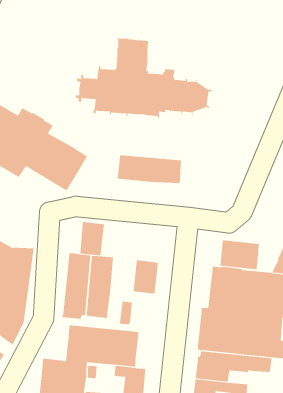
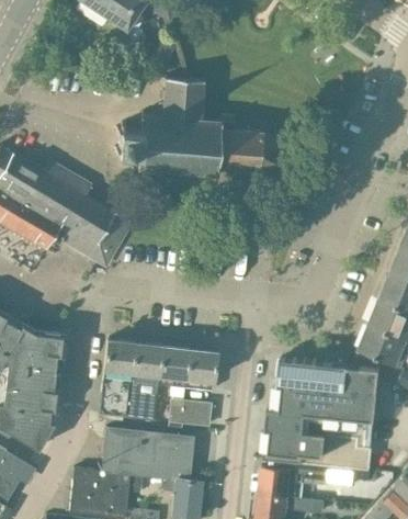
building: [117,154,182,184] -> none
building: [80,221,105,256] -> [158,346,189,387]
building: [220,240,260,270] -> none
building: none -> [182,400,211,426]

